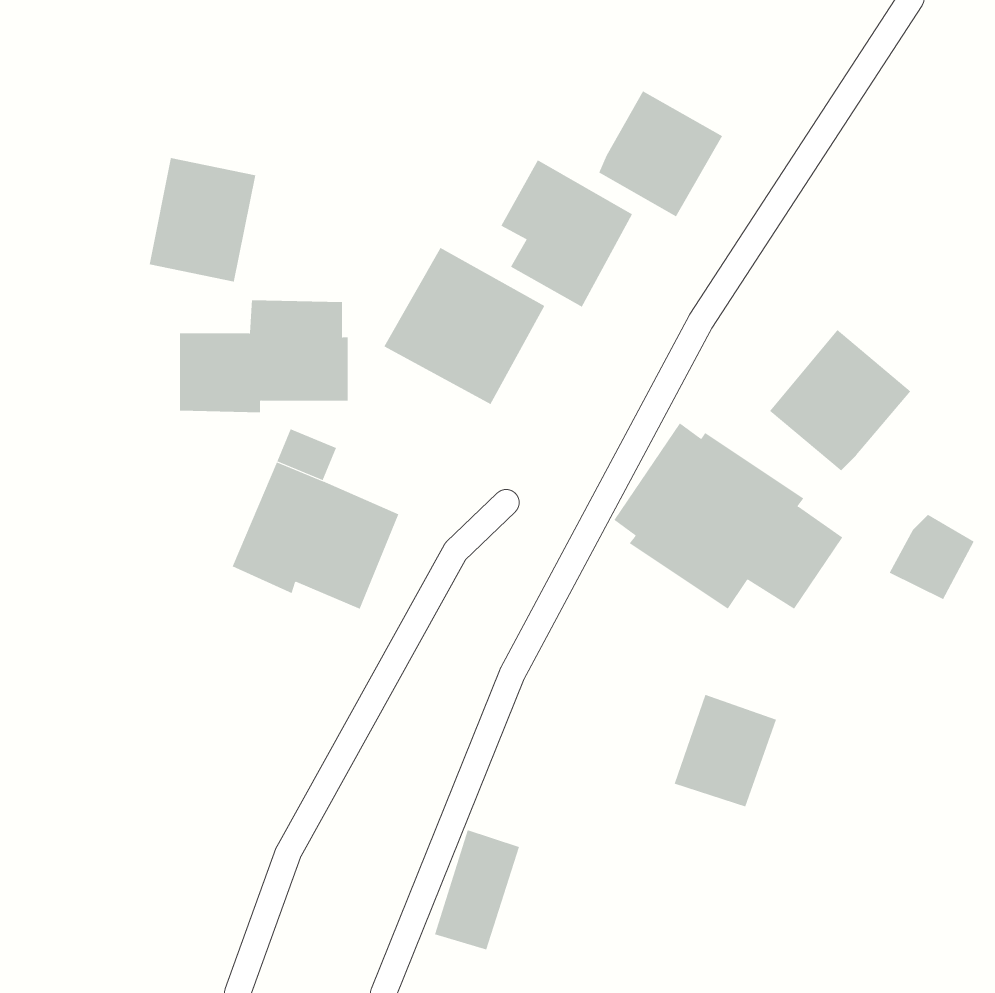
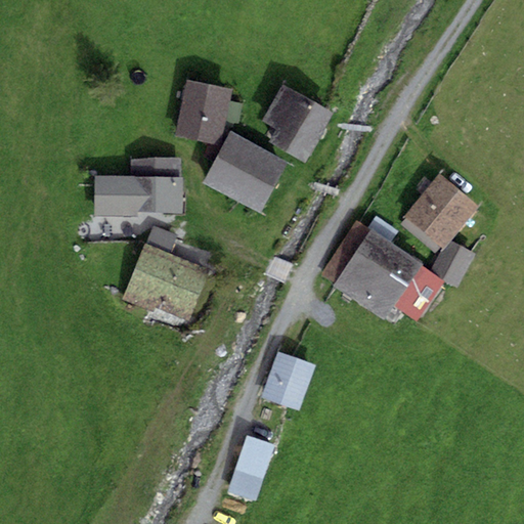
building: [598,90,723,217] -> none
building: [149,158,256,282] -> [176,79,232,144]
building: [889,514,975,600] -> [430,239,475,285]
building: [674,694,777,807] -> [261,351,315,410]

